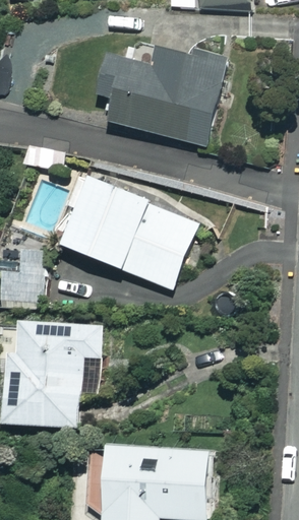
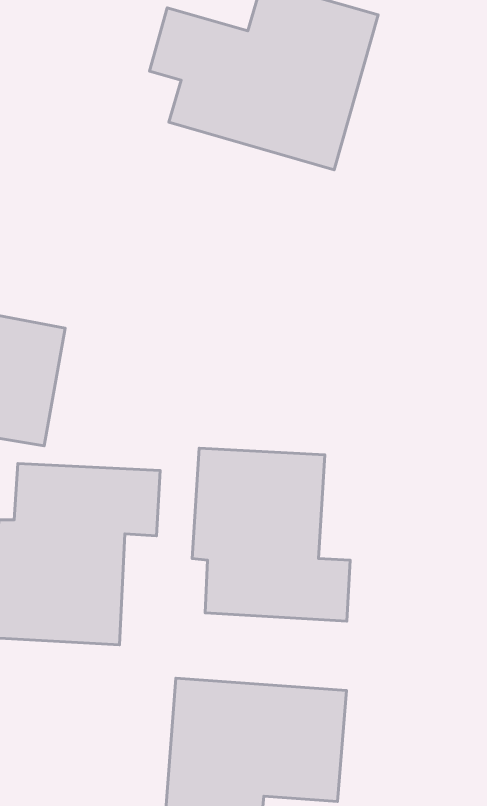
building: [59,173,197,288] -> none
building: none -> [192,448,350,621]

